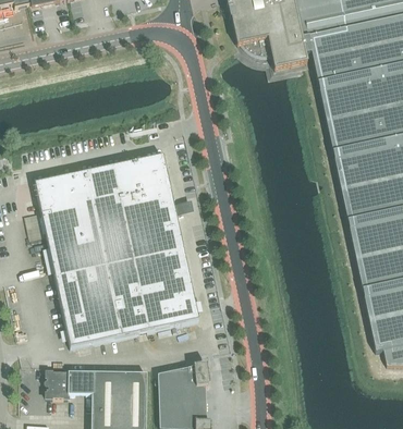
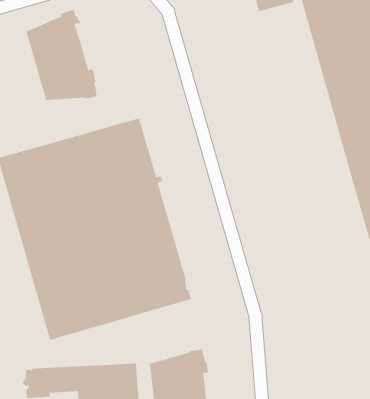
building: none -> [26,9,97,101]

